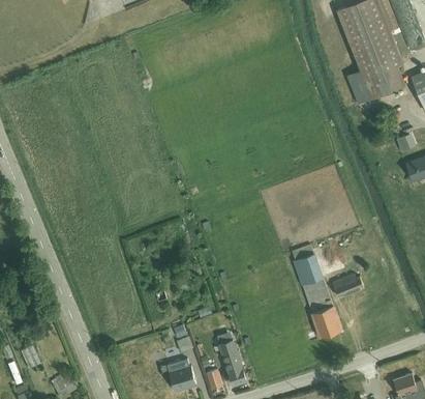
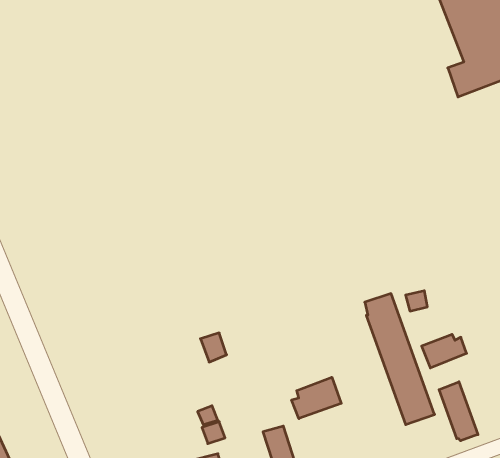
building: none -> [292,377,341,419]
building: none -> [439,382,478,441]

